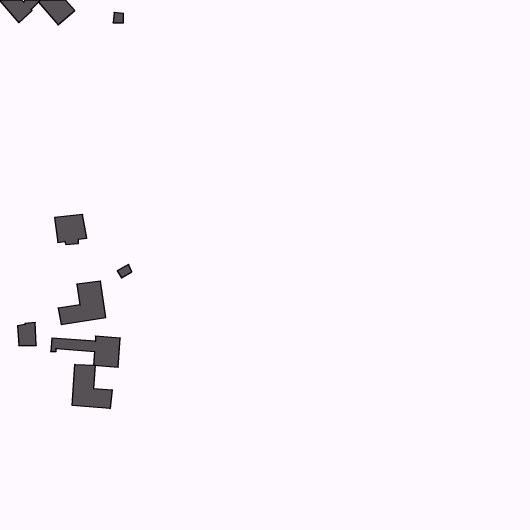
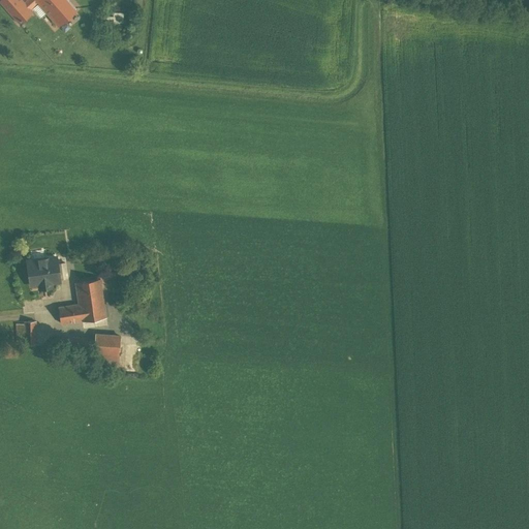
building: [55,214,87,244] -> [28,257,60,287]
building: [72,364,112,409] -> none

